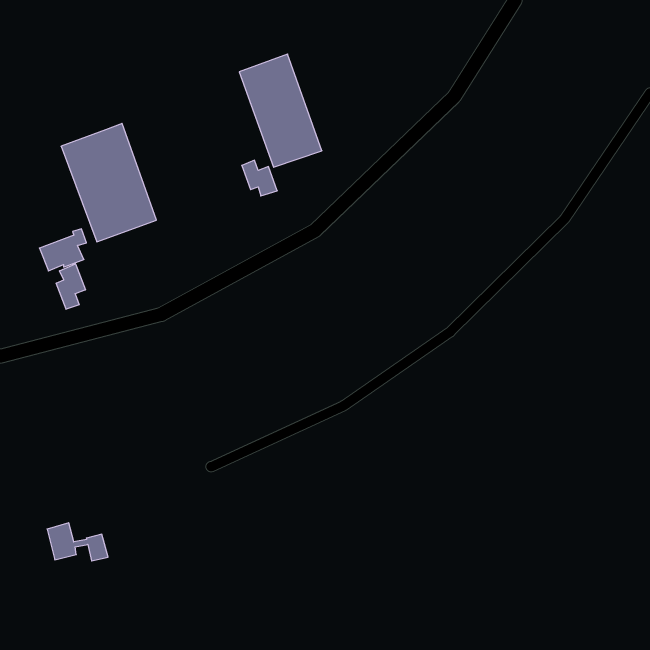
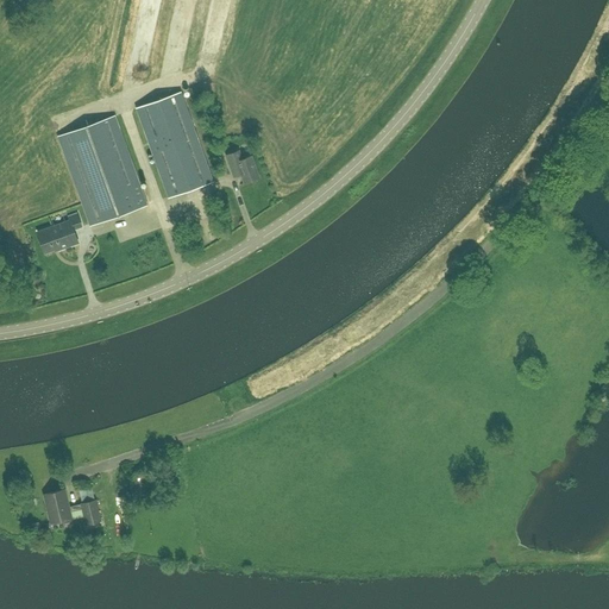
building: [239,54,322,167] -> [136,92,213,197]
building: [56,264,85,309] -> none

